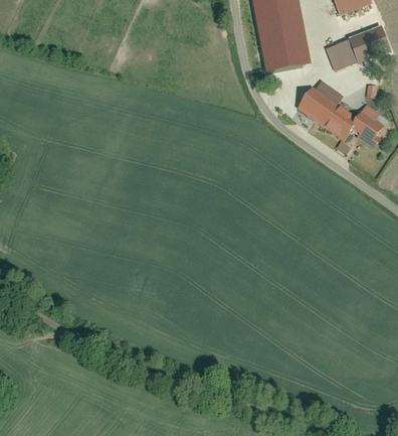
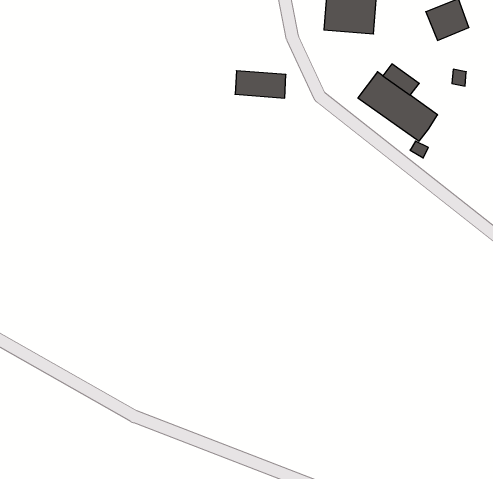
building: [326,39,355,69] -> none
building: [266,53,306,75] -> [235,71,286,98]
building: [348,103,383,147] -> none

